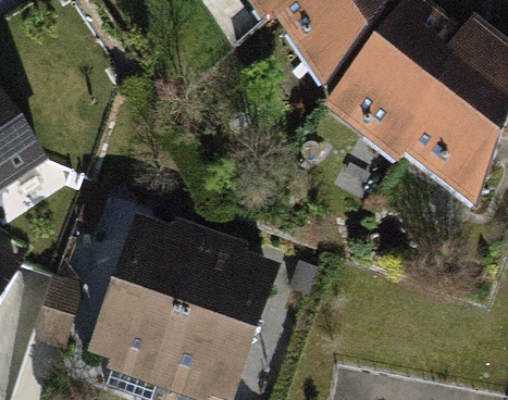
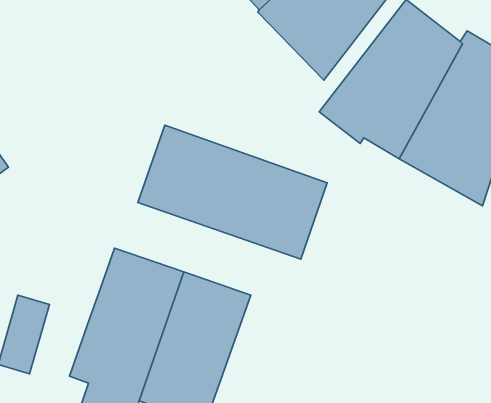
building: none -> [138,125,327,259]

